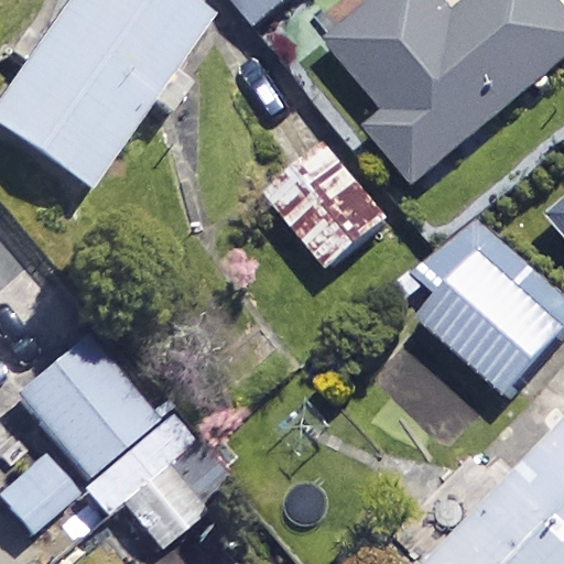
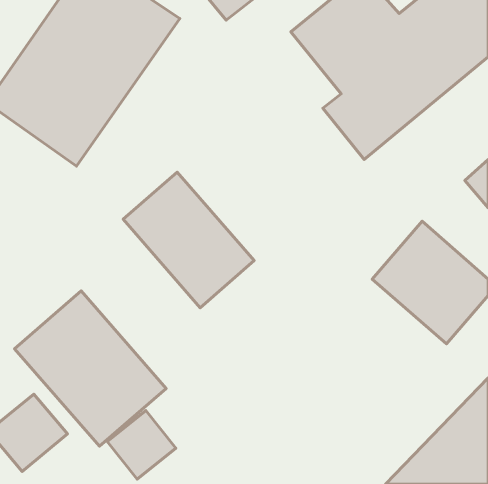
building: [265,139,393,268] -> none
building: none -> [123,172,254,308]

